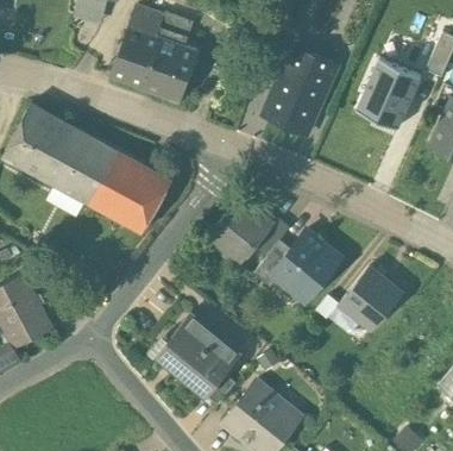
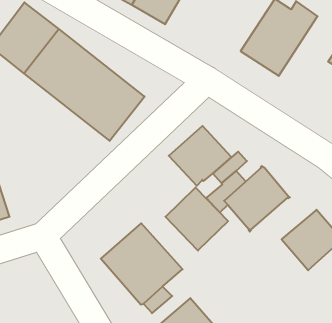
building: none -> [165,187,228,251]

